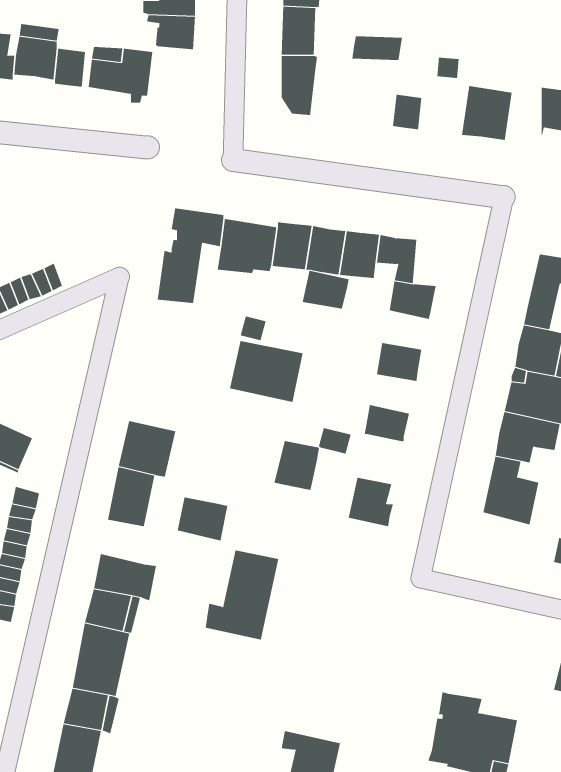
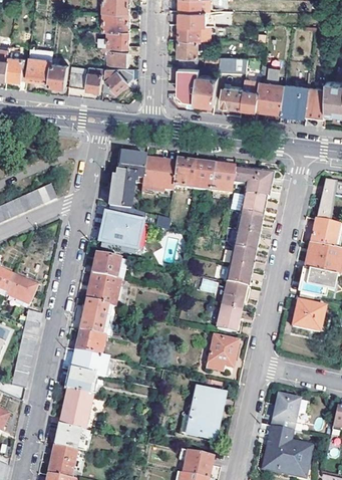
building: none -> [102,64,133,91]
building: none -> [195,74,217,102]
building: none -> [256,80,284,111]
building: none -> [305,84,325,116]
building: none -> [221,86,243,106]
building: none -> [253,171,273,197]
building: [302,270,350,309] -> [235,211,262,233]
building: [229,341,304,403] -> [98,213,140,248]
building: none -> [228,247,255,269]
building: none -> [91,253,126,279]
building: [274,440,320,492] -> [221,281,247,310]
building: [177,497,228,541] -> [75,329,104,354]
building: none -> [207,335,237,370]
building: [205,550,279,640] -> [180,387,222,438]
building: none -> [271,395,298,431]

